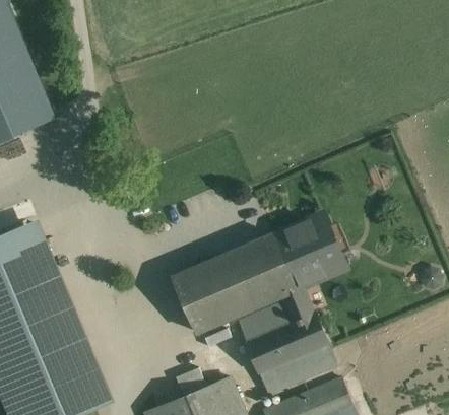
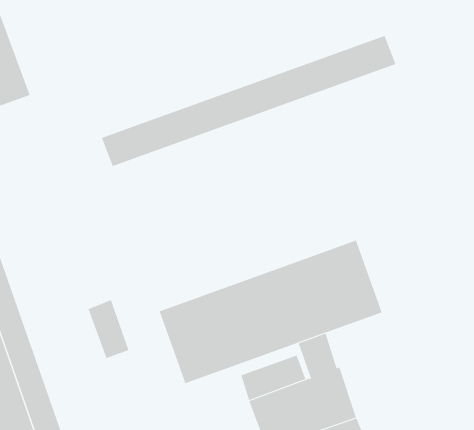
building: none -> [101,35,396,167]
building: none -> [88,299,129,359]

